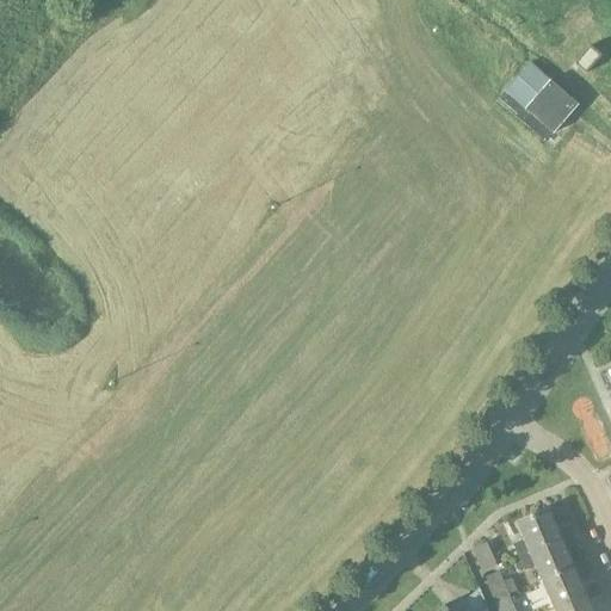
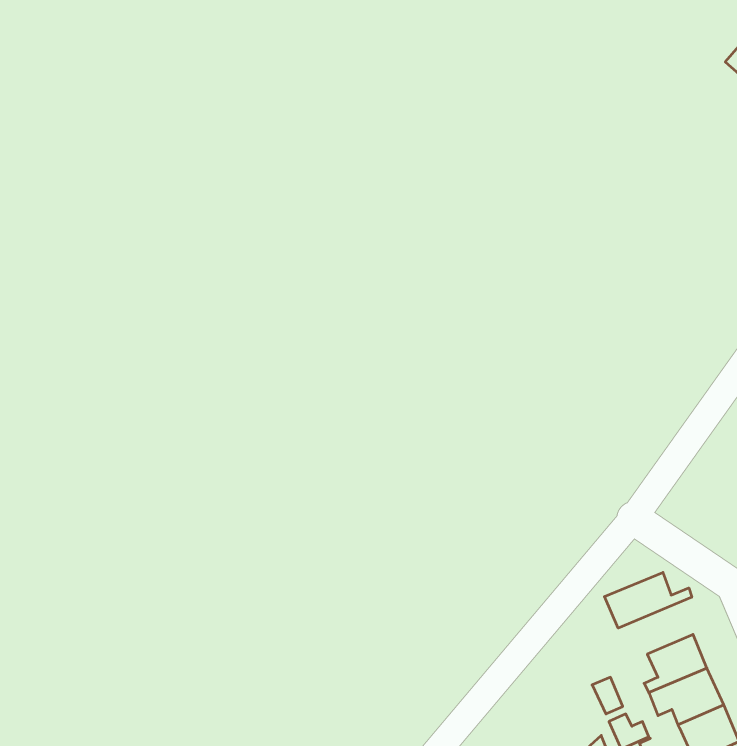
building: [507,63,579,132] -> none
building: none -> [604,572,692,628]

